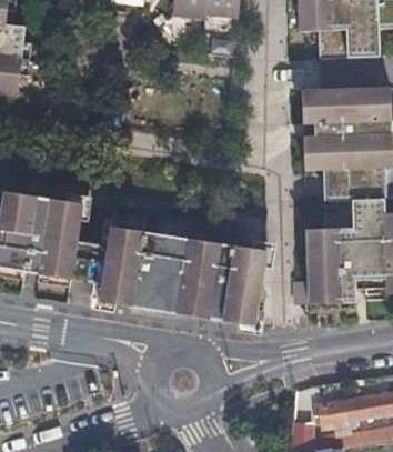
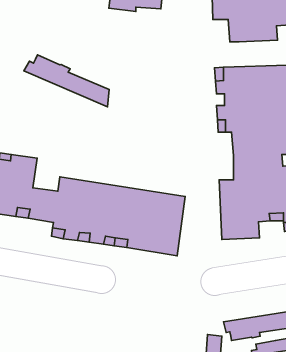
building: none -> [24,55,109,107]

